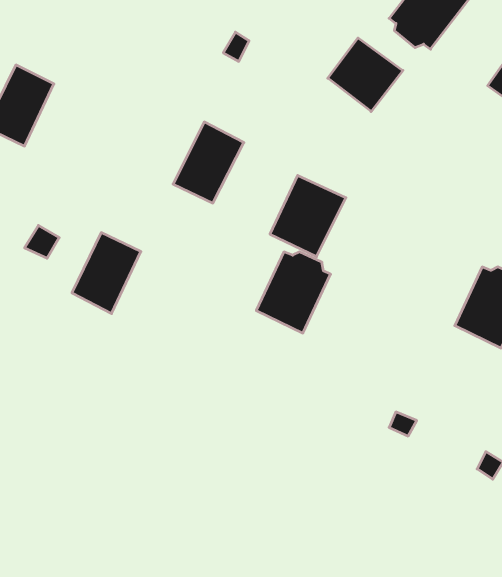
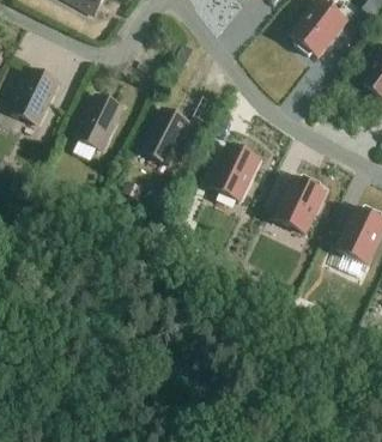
building: [328,38,403,112] -> none
building: [72,233,141,314] -> [75,93,123,150]
building: [256,252,331,333] -> [274,176,326,232]

